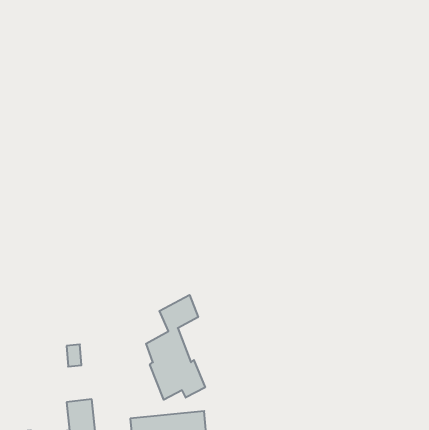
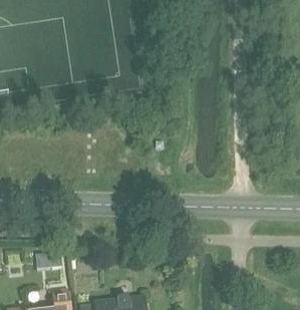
building: [146,295,205,400] -> none

